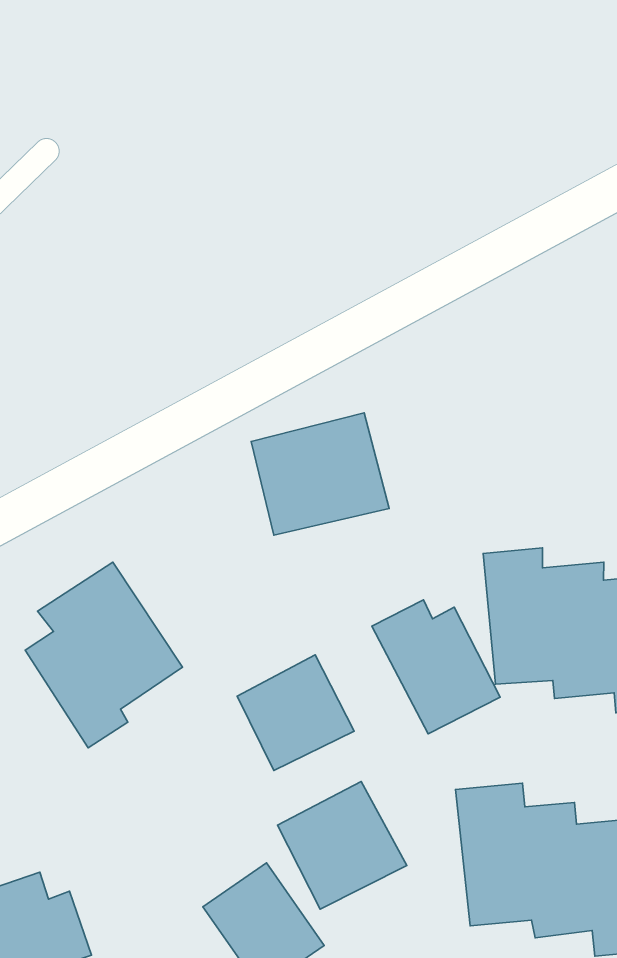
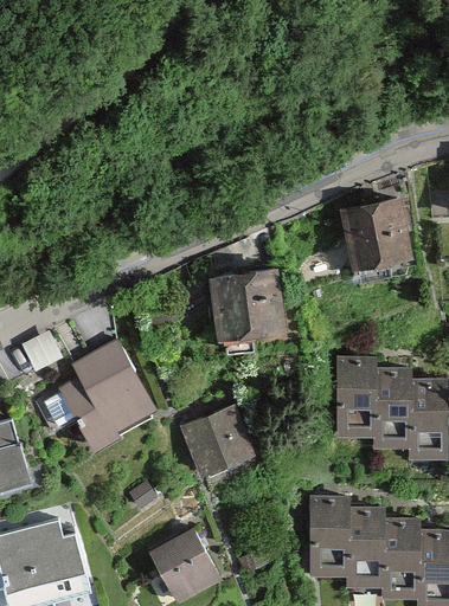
building: none -> [341,195,415,267]
building: [372,600,500,734] -> none
building: [277,781,407,909] -> none

